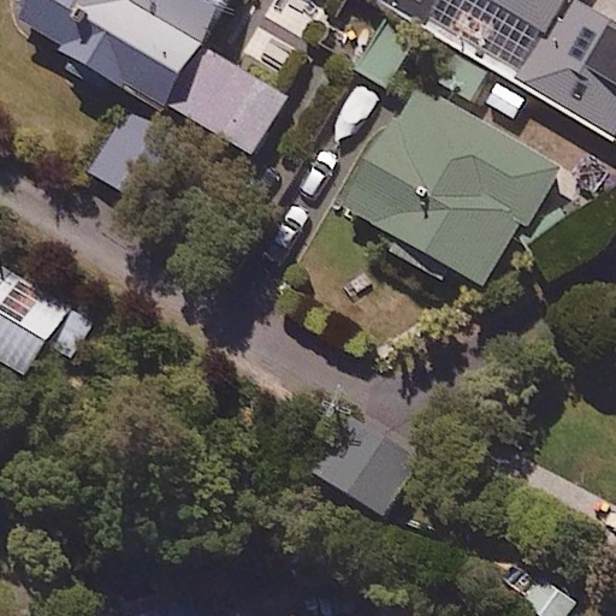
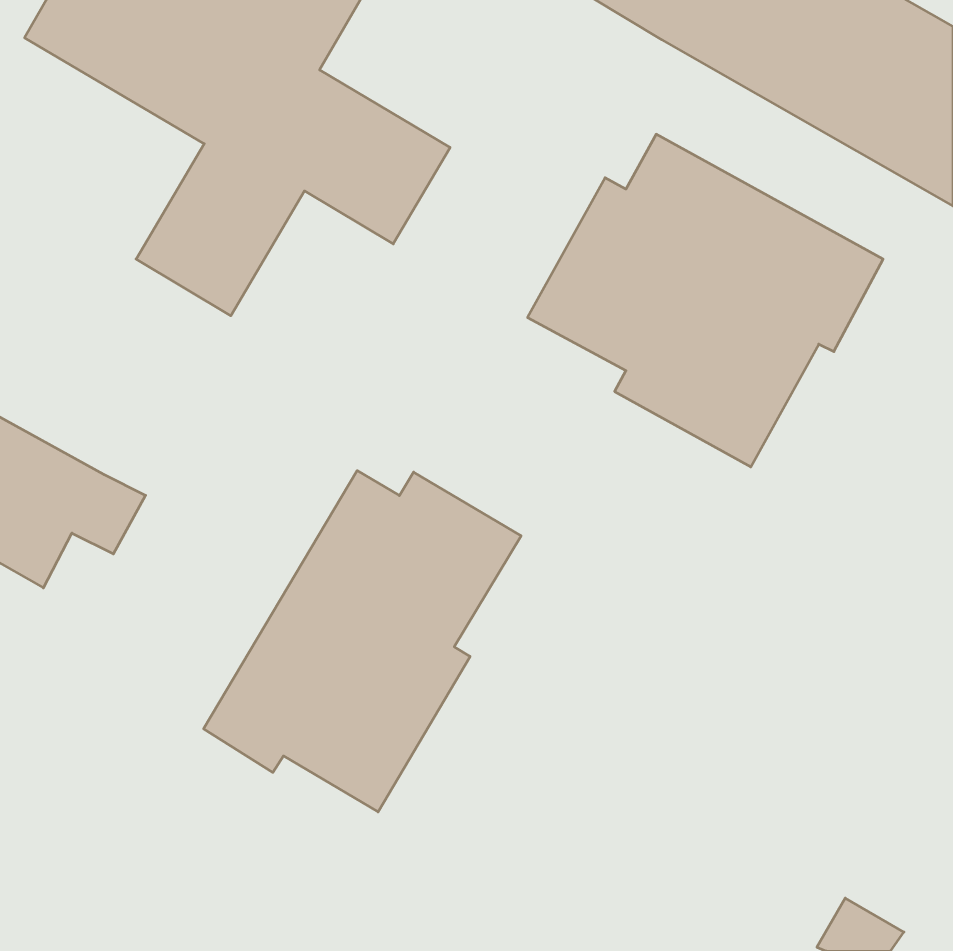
building: none -> [204,471,521,812]
building: [319,419,419,516] -> none

